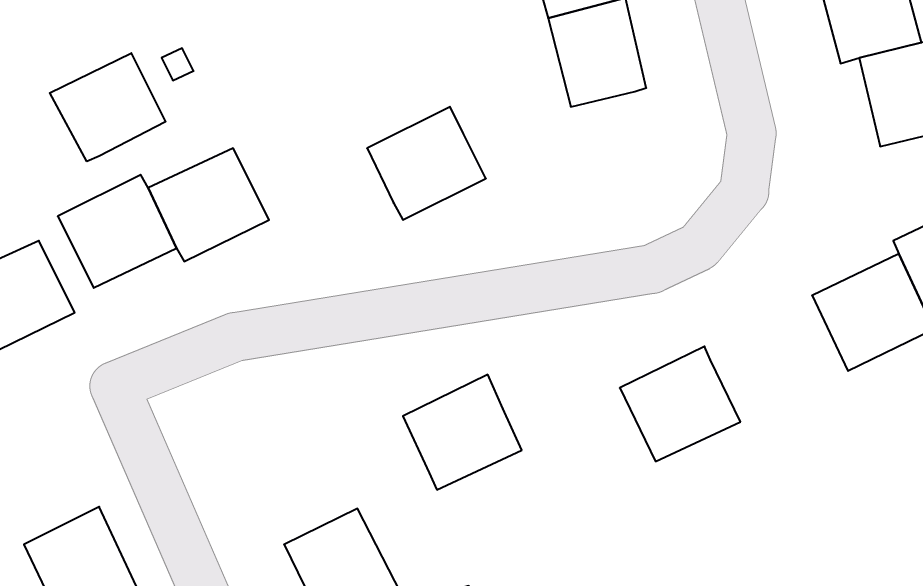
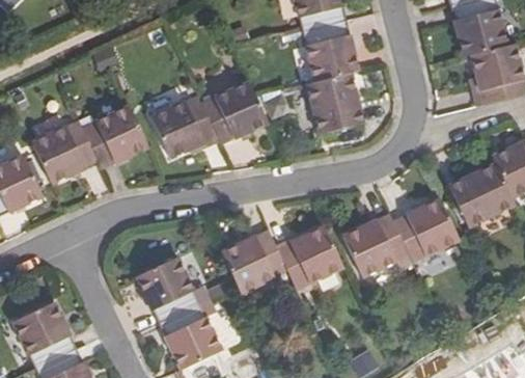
building: [50,53,166,161] -> none
building: none -> [309,74,362,134]
building: none -> [151,95,218,159]
building: none -> [392,199,459,262]
building: none -> [278,225,344,290]
building: none -> [135,256,198,323]

